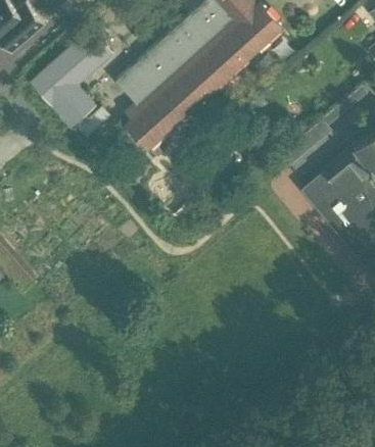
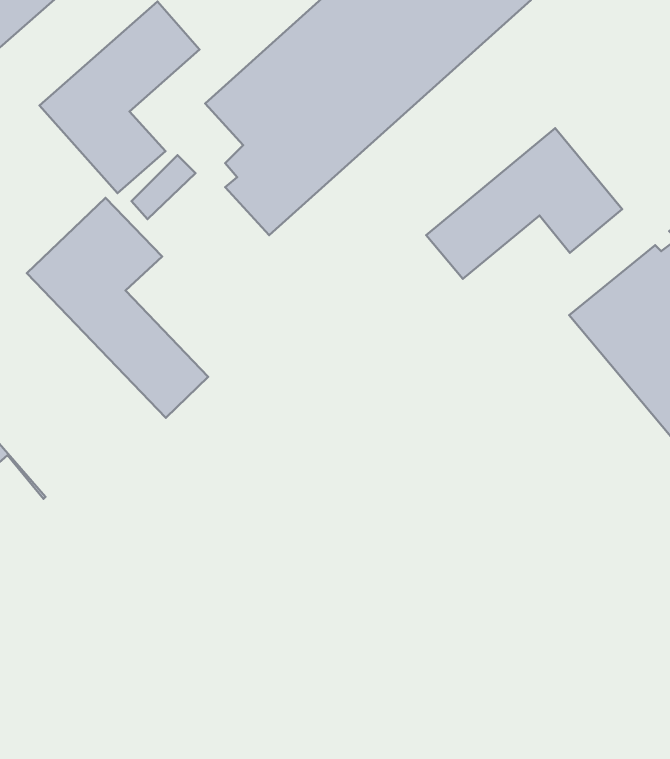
building: none -> [426,128,622,279]
building: none -> [27,198,208,418]

